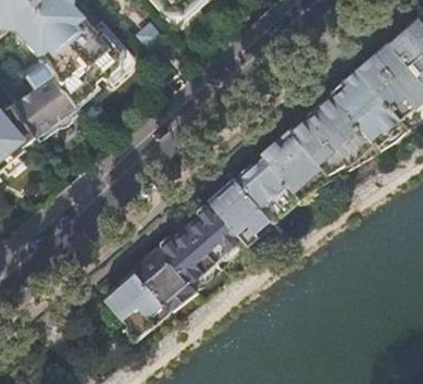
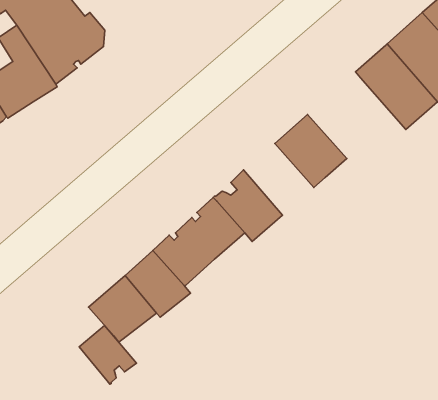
building: [291,99,376,172] -> none
building: [236,156,297,218] -> none
building: none -> [79,326,136,384]

